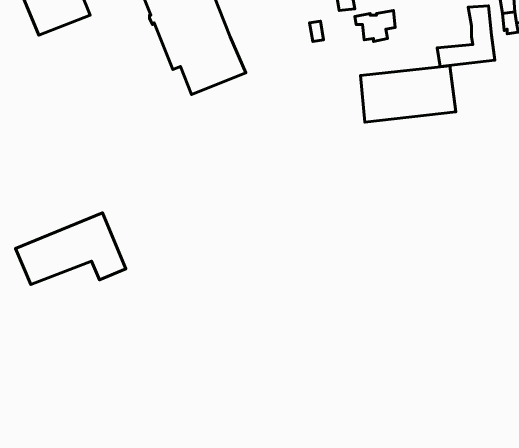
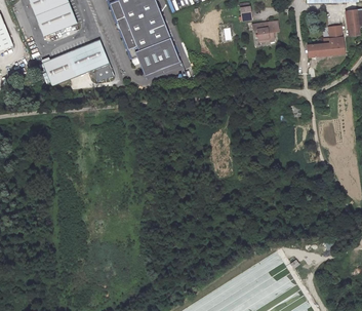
building: [361,66,456,122] -> none
building: [15,213,126,284] -> [42,39,115,86]

